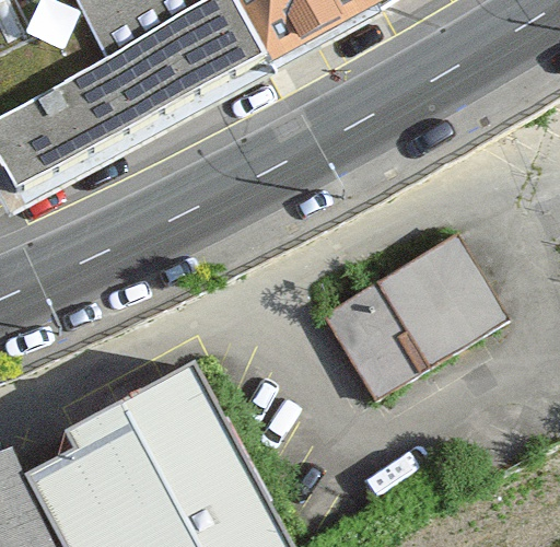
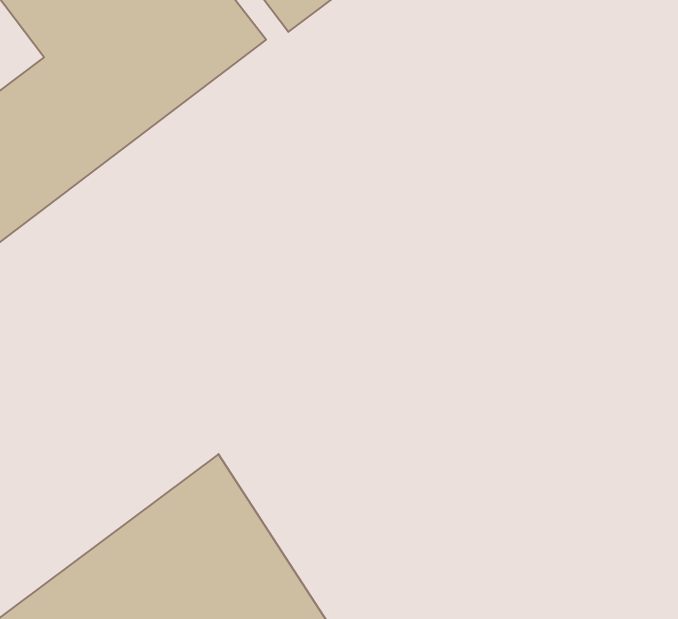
building: [323,235,510,405] -> none

